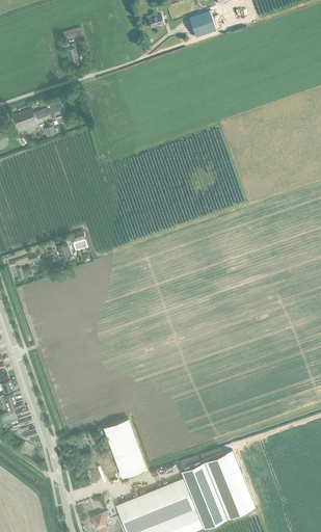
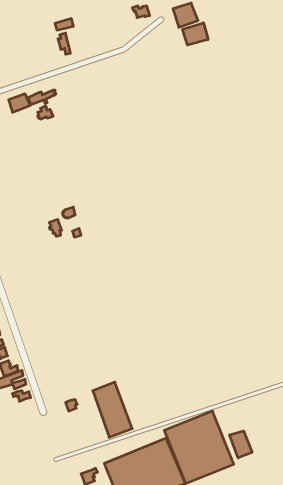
building: none -> [183,23,208,45]
building: none -> [230,431,252,458]

